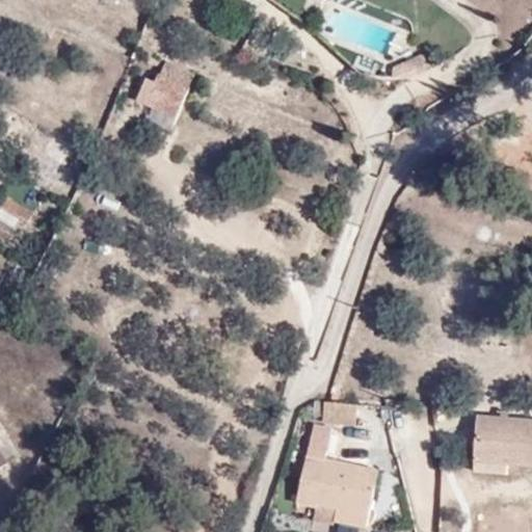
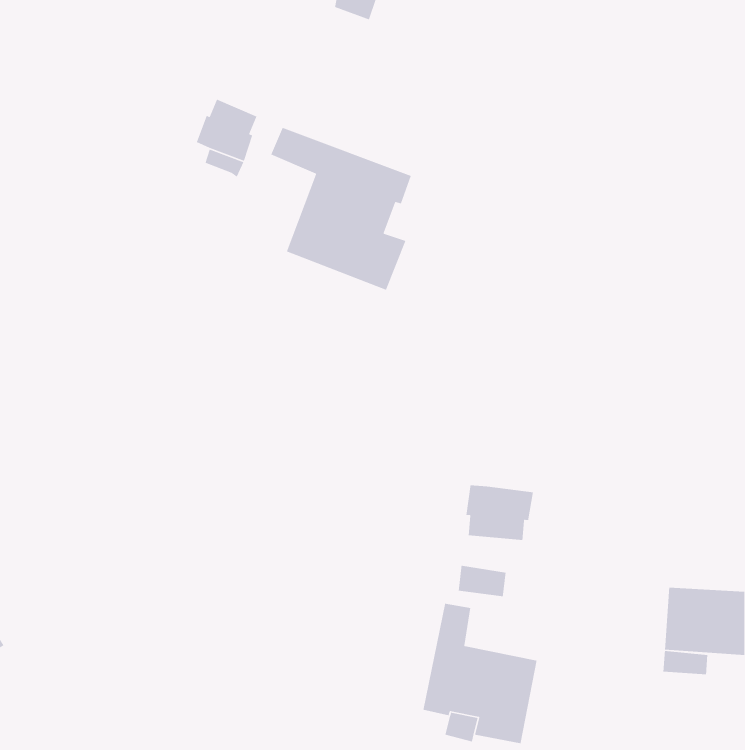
building: none -> [270,127,412,291]
building: none -> [466,484,534,541]

